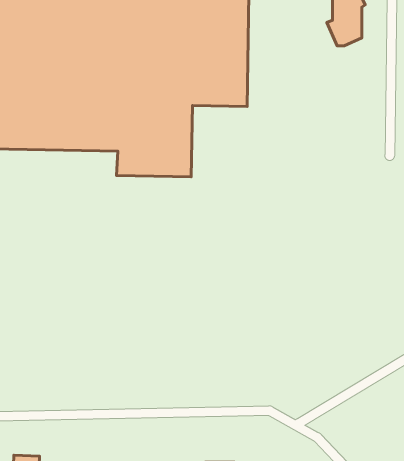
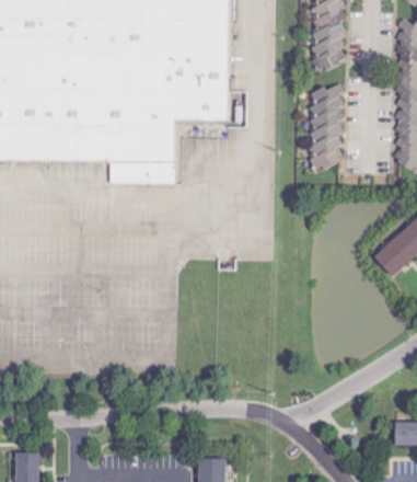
building: none -> [306,81,343,168]

